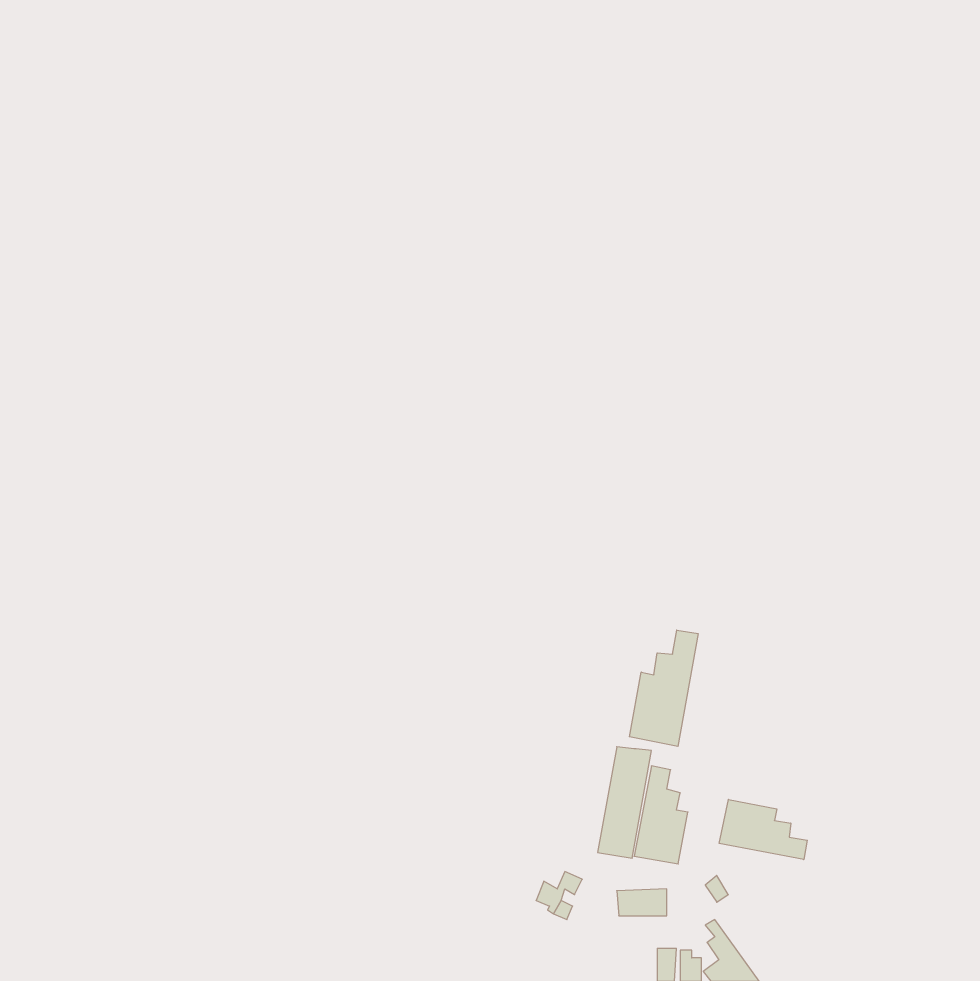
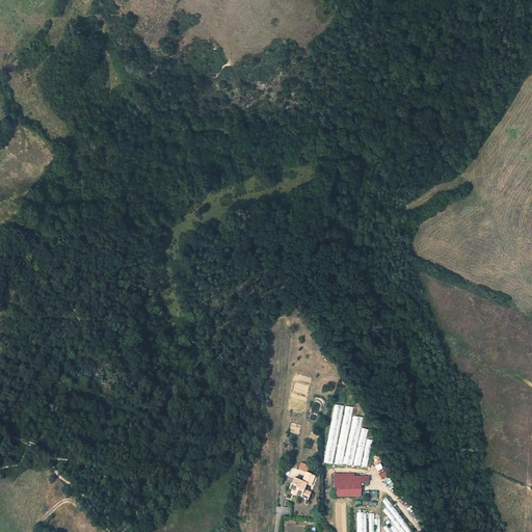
building: [629,630,698,746] -> none
building: [719,799,807,860] -> none

